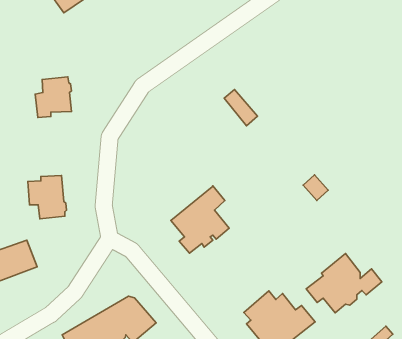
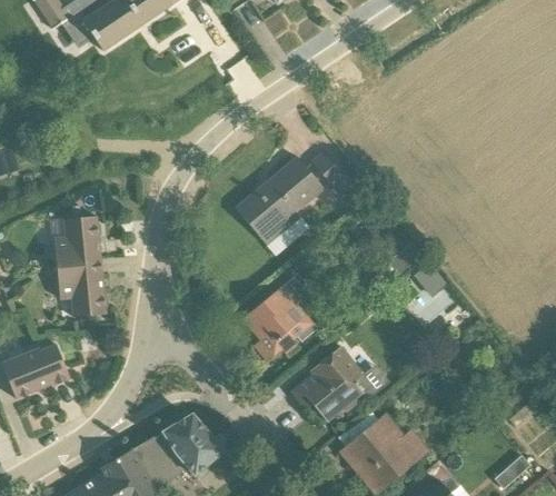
building: [35,77,71,117] -> [53,216,100,268]
building: none -> [235,157,324,246]
building: [306,253,382,313] -> [289,345,387,421]

